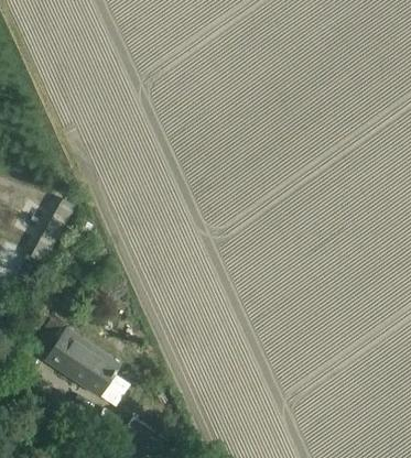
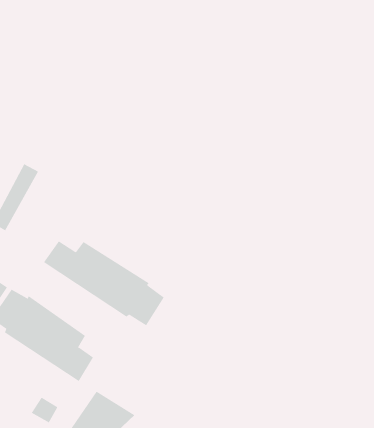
building: none -> [43,241,164,326]

